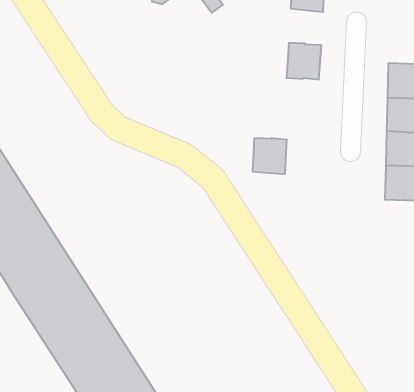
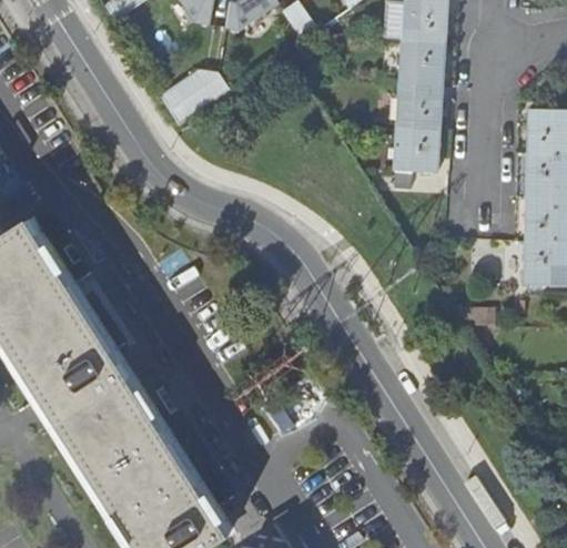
building: none -> [401,35,445,83]
building: none -> [160,69,227,125]
building: [253,138,287,174] -> [395,125,439,172]

